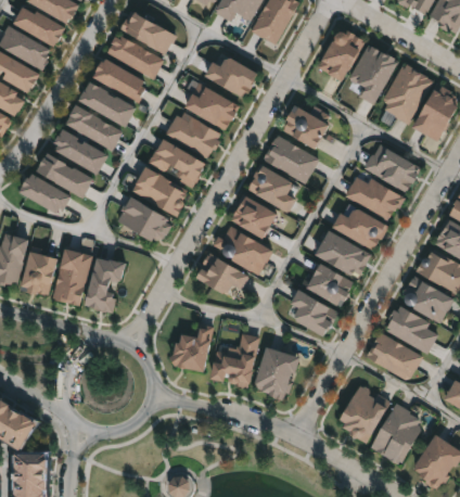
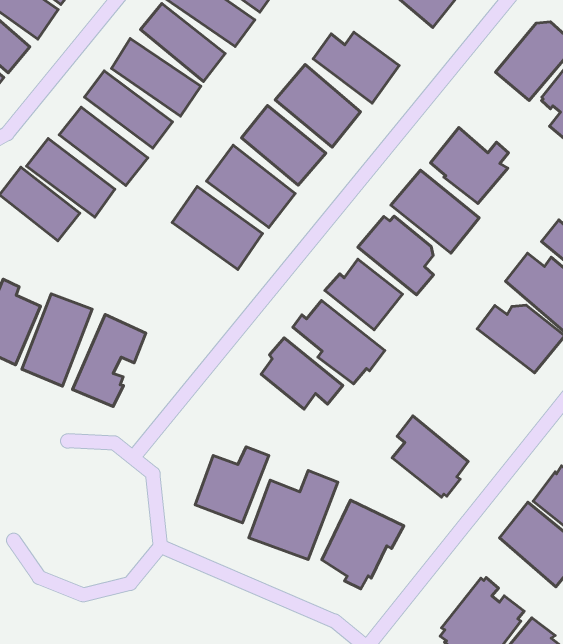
building: [116,197,170,244] -> none
building: [316,231,372,277] -> none
building: [308,265,352,306] -> none

